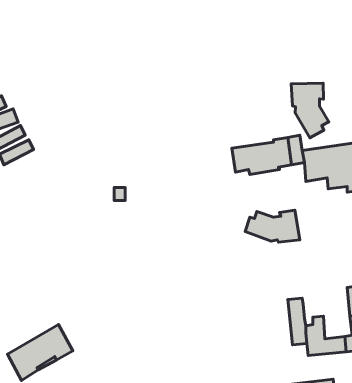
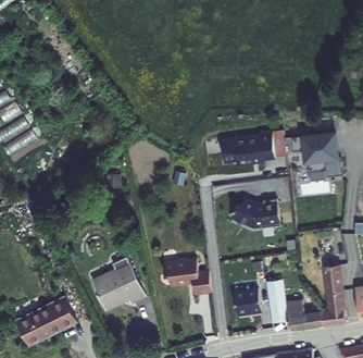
building: [291,83,329,138] -> none
building: none -> [90,257,141,309]
building: none -> [163,257,212,295]
building: none -> [237,287,265,314]

